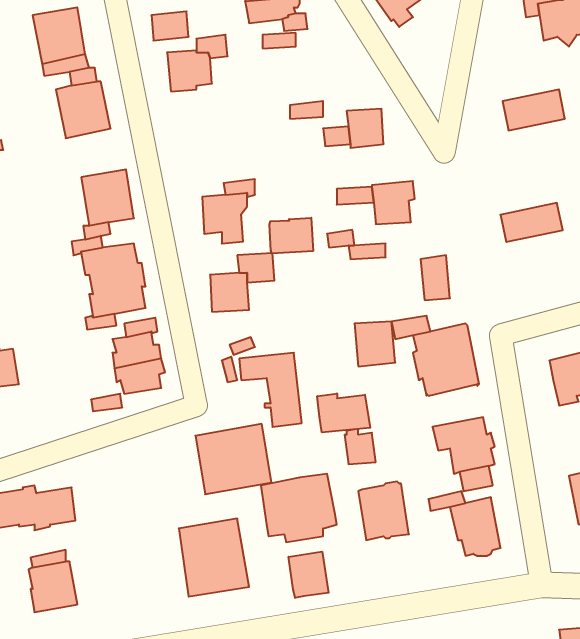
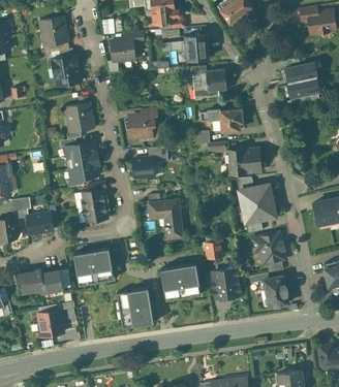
building: none -> [171,35,208,61]
building: [500,203,563,242] -> [291,75,325,96]
building: [269,218,313,253] -> none
building: [354,322,395,366] -> [225,150,247,173]
building: none -> [27,213,55,234]
building: [317,393,370,432] -> none
building: [195,424,271,494] -> [73,248,114,285]
building: [289,552,329,598] -> none

